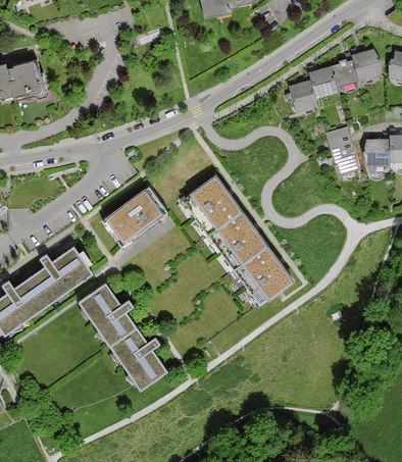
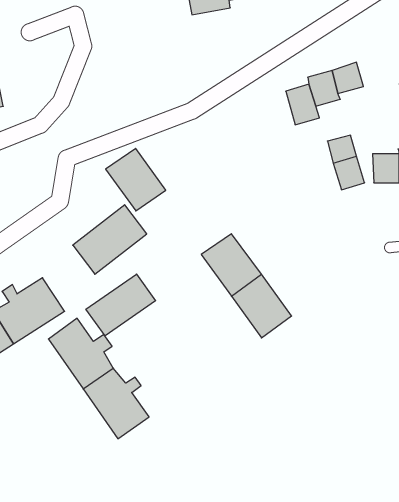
building: [349,48,380,80] -> none
building: [187,172,240,227] -> [106,148,166,211]
building: none -> [86,274,156,336]

